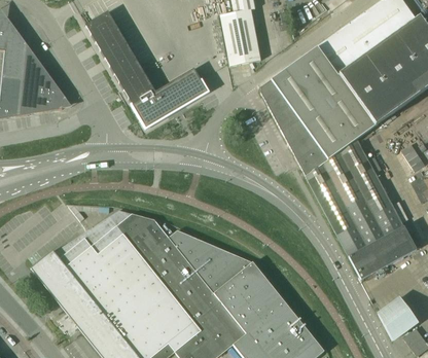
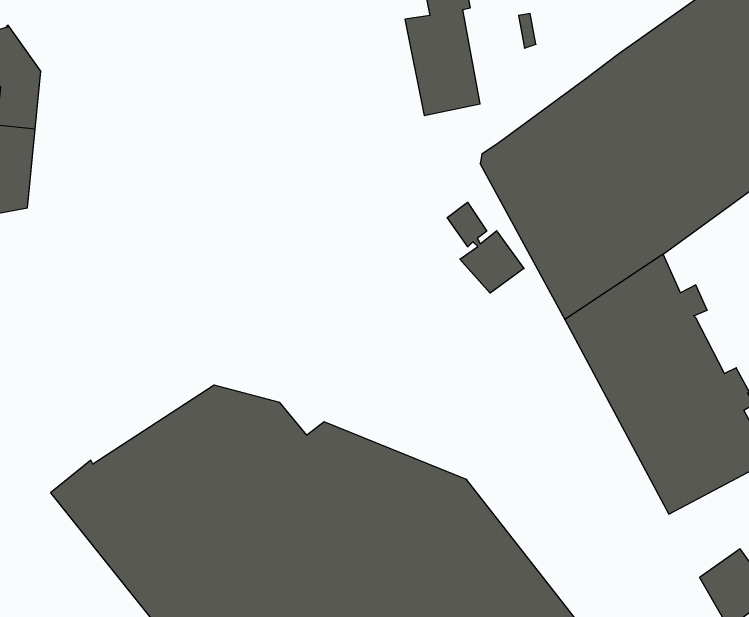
building: [85,11,210,129] -> none
building: [19,42,67,115] -> none
building: none -> [447,202,524,293]

